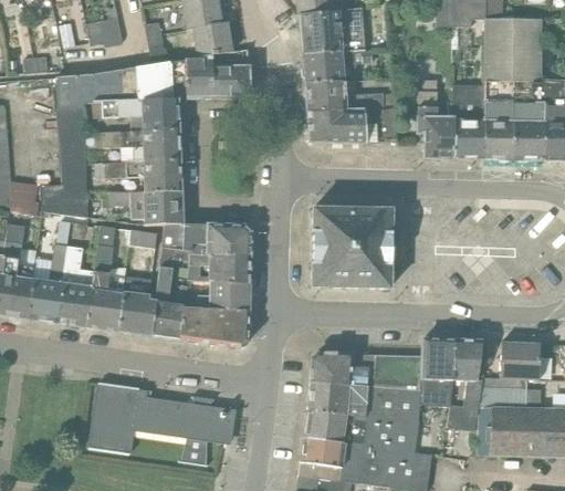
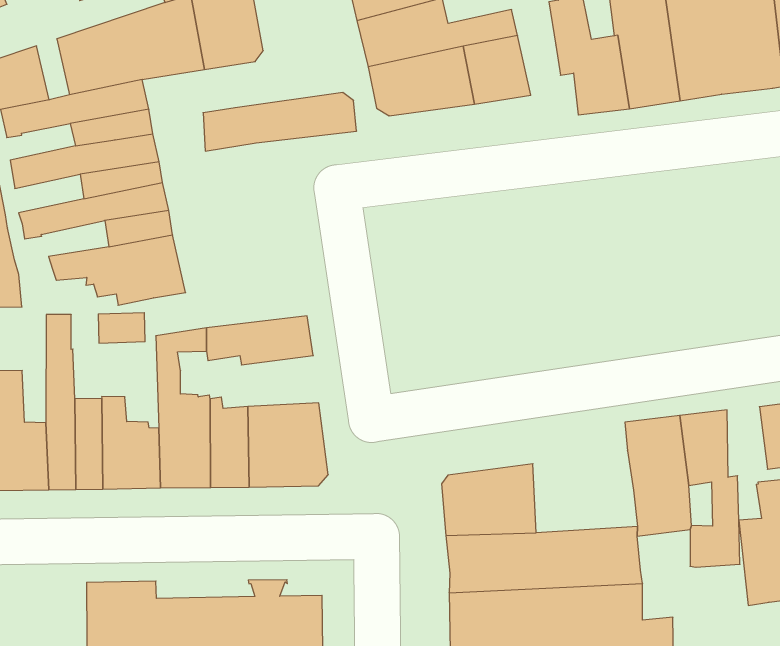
building: [312,208,393,289] -> none
building: [163,224,252,249] -> [203,93,357,151]
building: [206,271,251,300] -> none
building: [363,354,422,399] -> none

